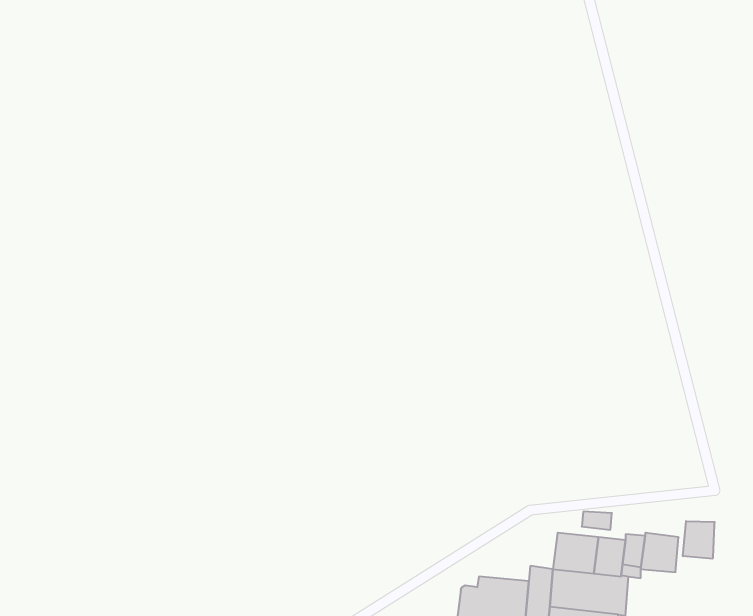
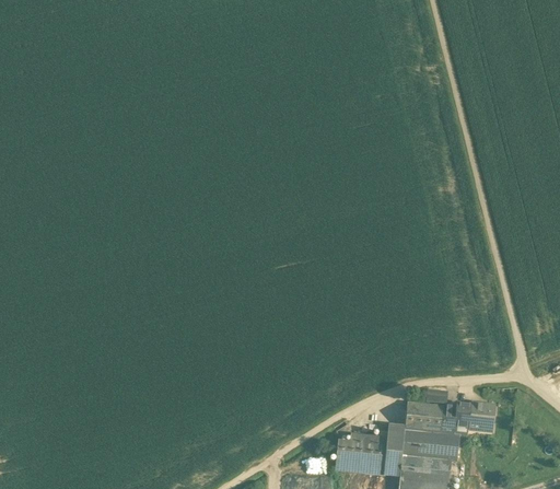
building: [683,521,715,559] -> none

